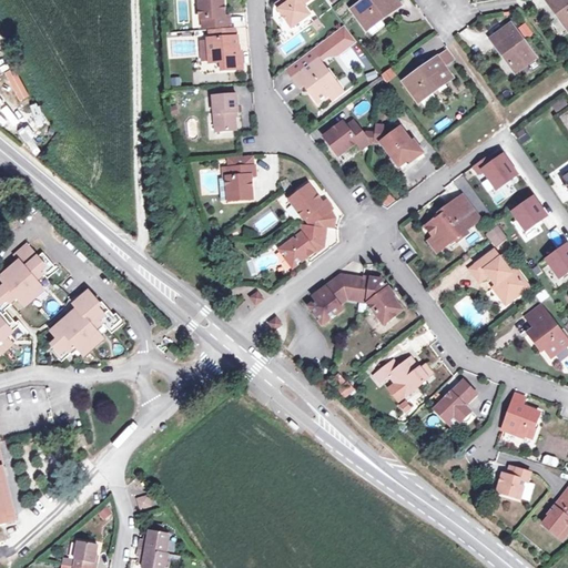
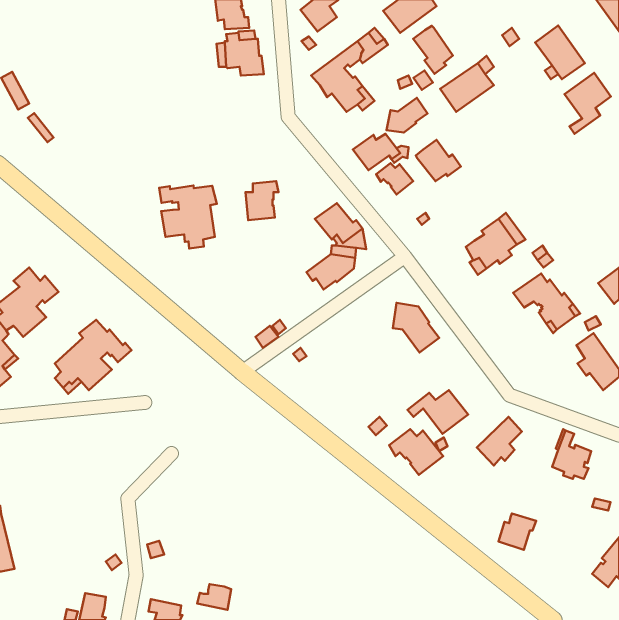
building: none -> [413,26,453,74]
building: none -> [564,73,611,134]
building: none -> [387,98,428,132]
building: [210,93,236,131] -> none
building: none -> [376,163,413,194]
building: [473,155,517,190] -> none
building: none -> [159,185,217,249]
building: [514,197,547,231] -> none
building: [307,274,361,323] -> none
building: none -> [389,429,443,475]
building: [496,466,530,499] -> [498,513,536,550]
building: [138,529,169,552] -> [197,584,231,610]

